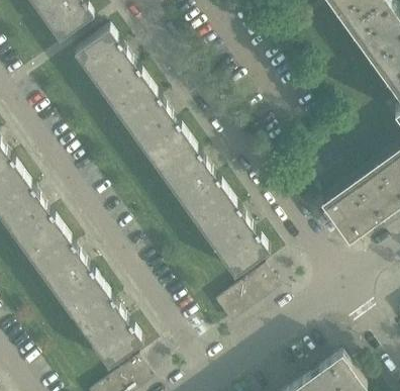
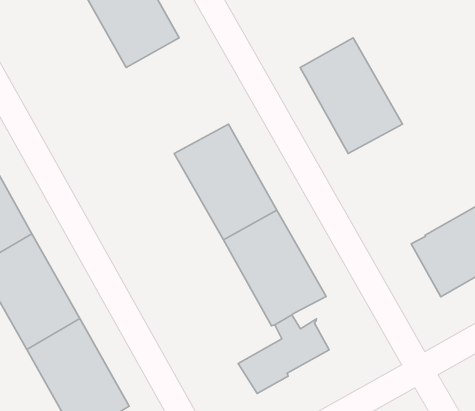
building: [114,86,189,166] -> [300,38,403,153]

